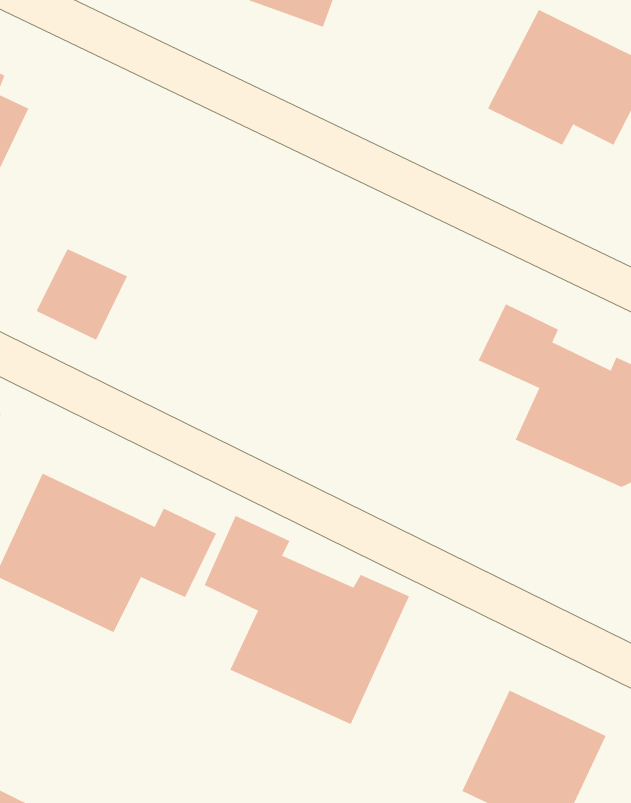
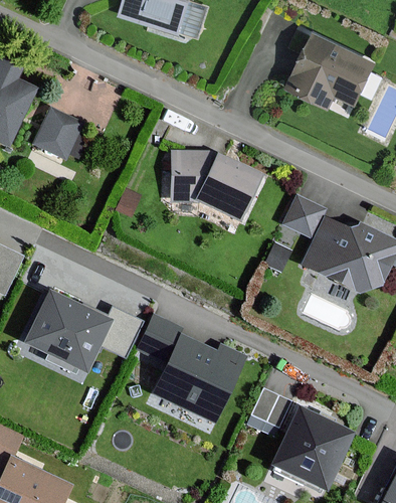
building: none -> [168,149,264,220]
building: [36,249,128,341] -> [35,108,85,158]
building: none -> [244,387,289,436]

